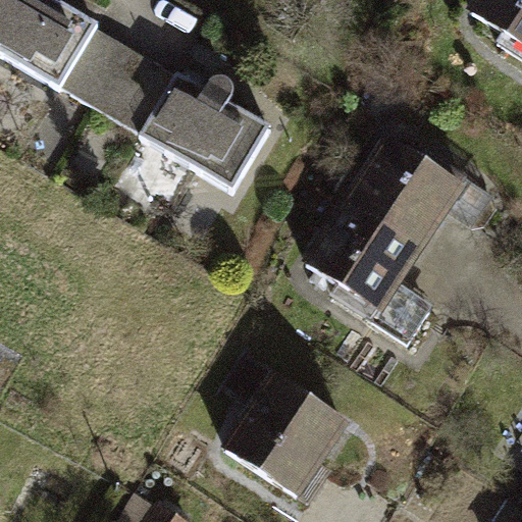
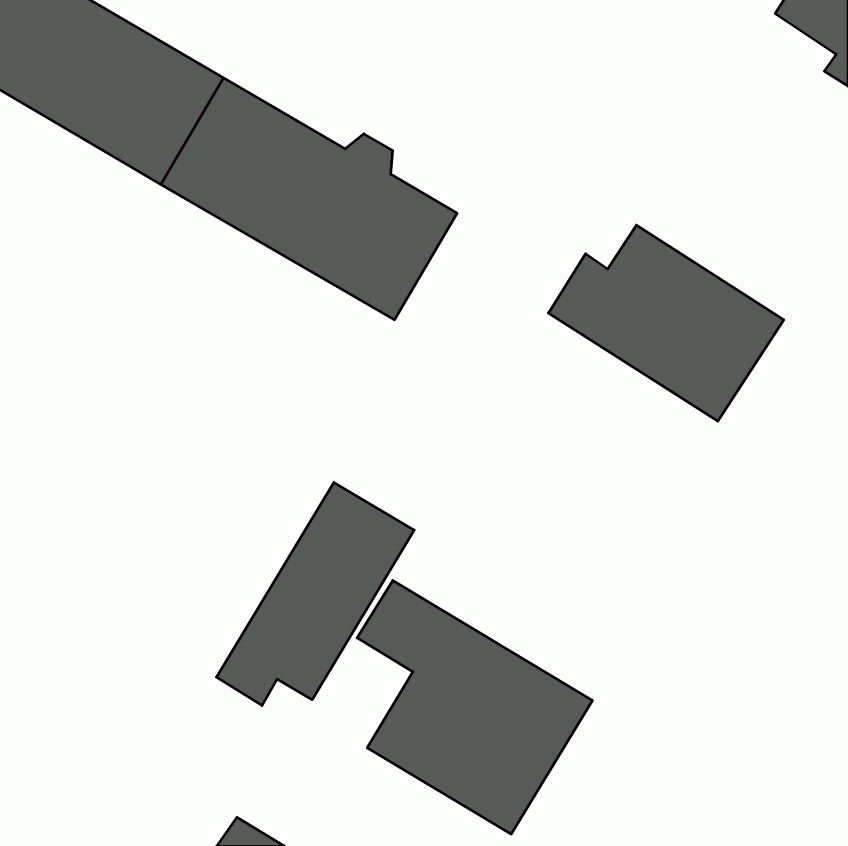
building: [304,189,432,338] -> none
building: none -> [216,482,414,706]

